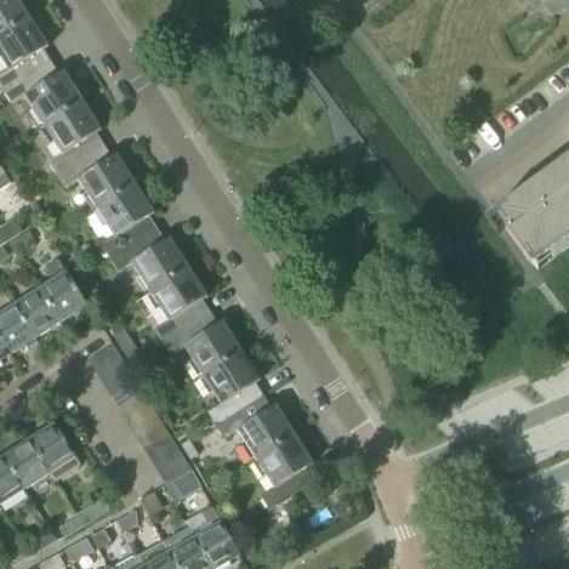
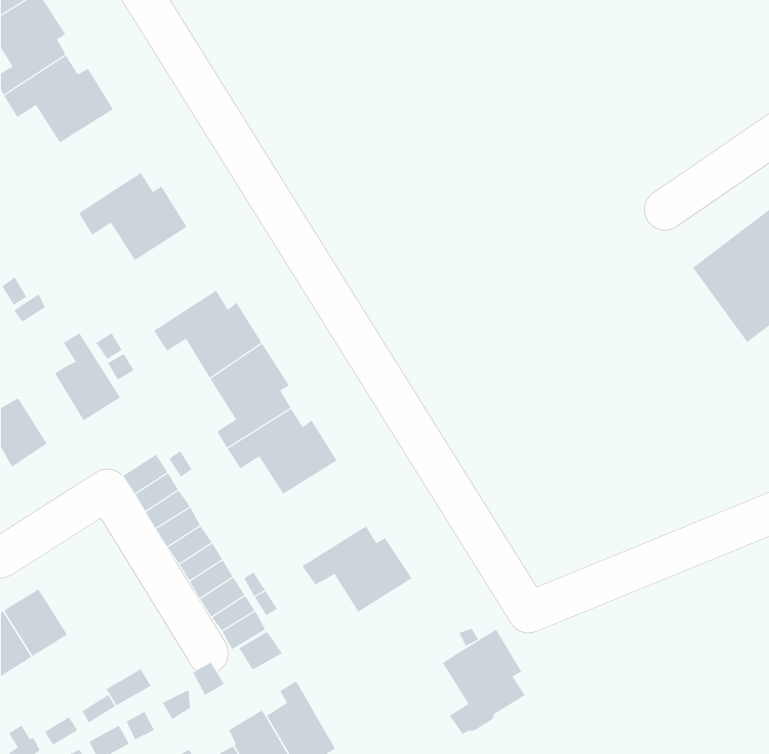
building: [42,98,101,172] -> none
building: [96,182,154,256] -> none
building: [13,286,59,336] -> none
building: [201,348,261,423] -> none
building: [28,422,74,472] -> none
building: [255,432,314,507] -> [442,629,525,734]

